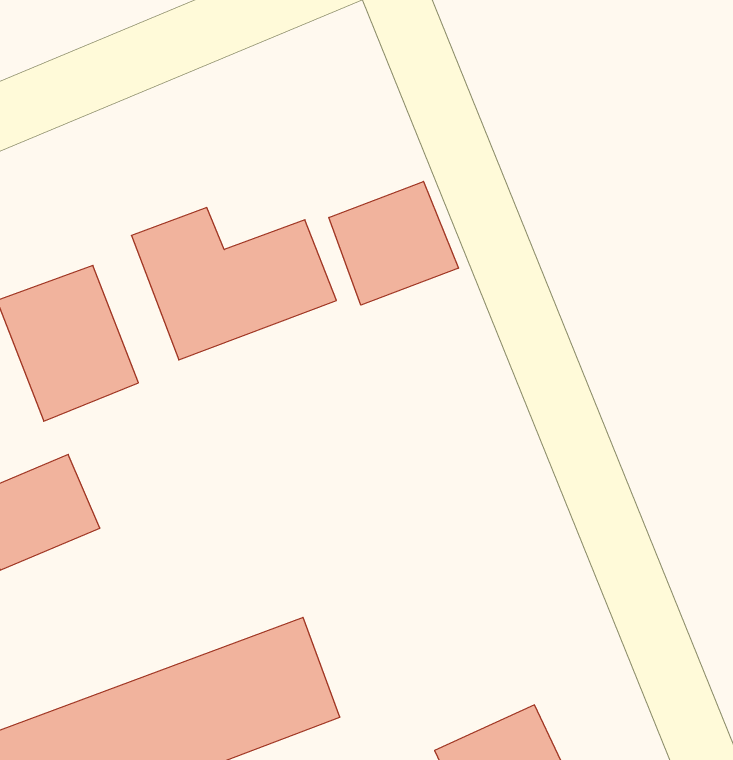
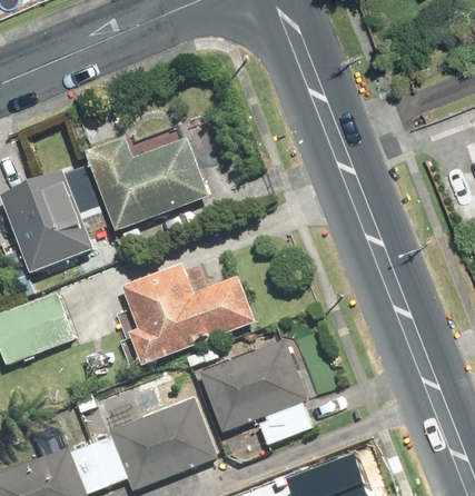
building: [329,181,458,305] -> none
building: none -> [116,262,259,367]
building: none -> [199,337,316,445]

